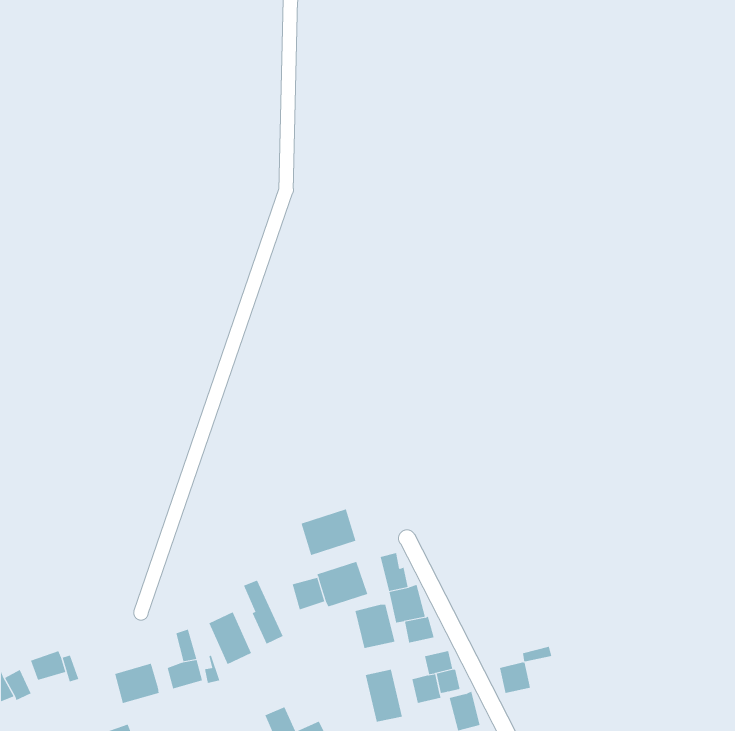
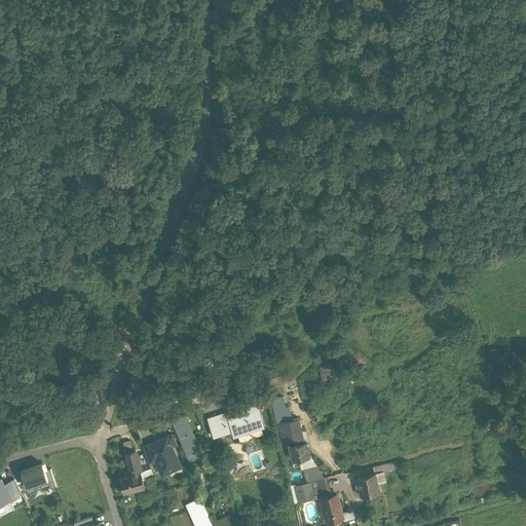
building: [301,509,356,556] -> none
building: [355,604,395,649] -> none
building: [115,663,159,704] -> none
building: [365,669,402,723] -> none

